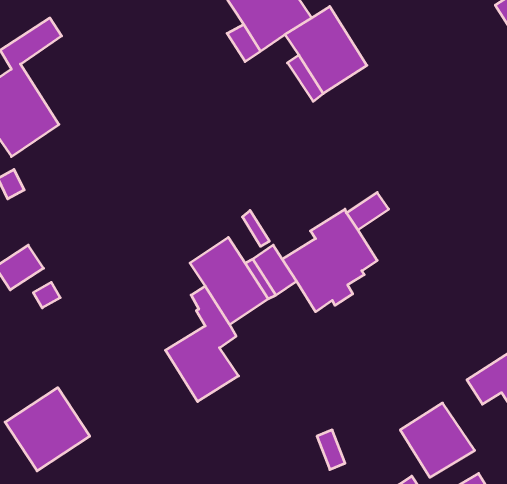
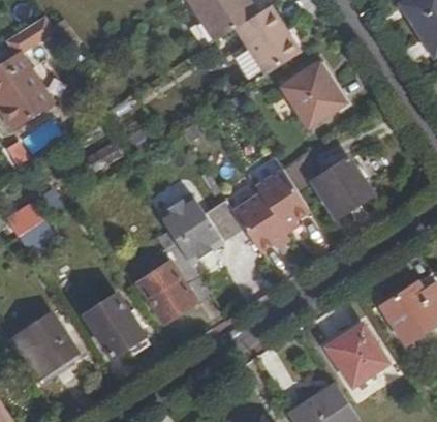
building: none -> [283,64,346,129]
building: none -> [310,157,371,219]
building: none -> [86,295,150,359]

